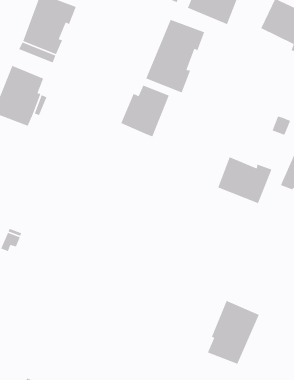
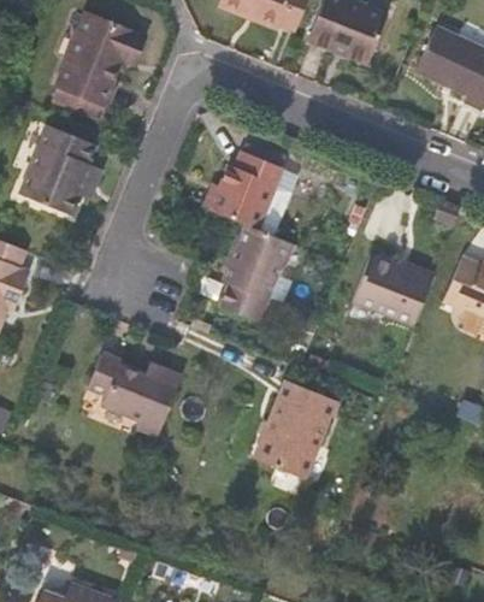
building: [145,19,205,94] -> none
building: none -> [220,224,293,320]
building: none -> [88,349,182,433]
building: [207,300,260,365] -> [258,379,336,476]

